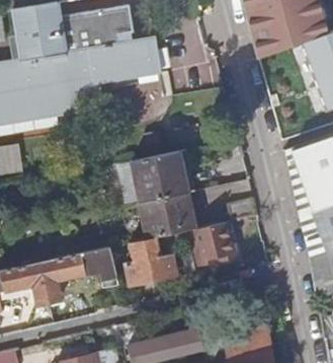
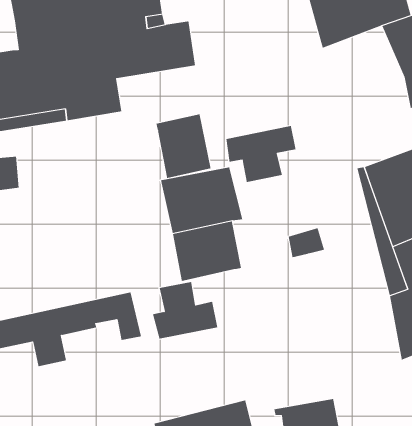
building: none -> [156,113,211,179]
building: none -> [226,125,296,183]
building: [190,221,239,266] -> none

